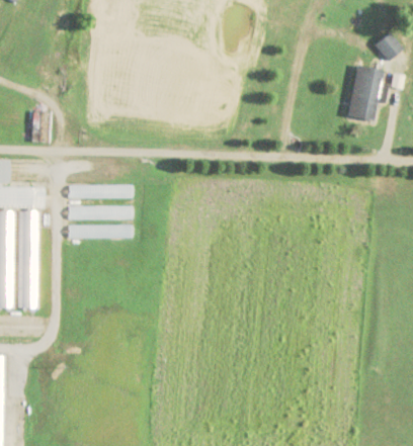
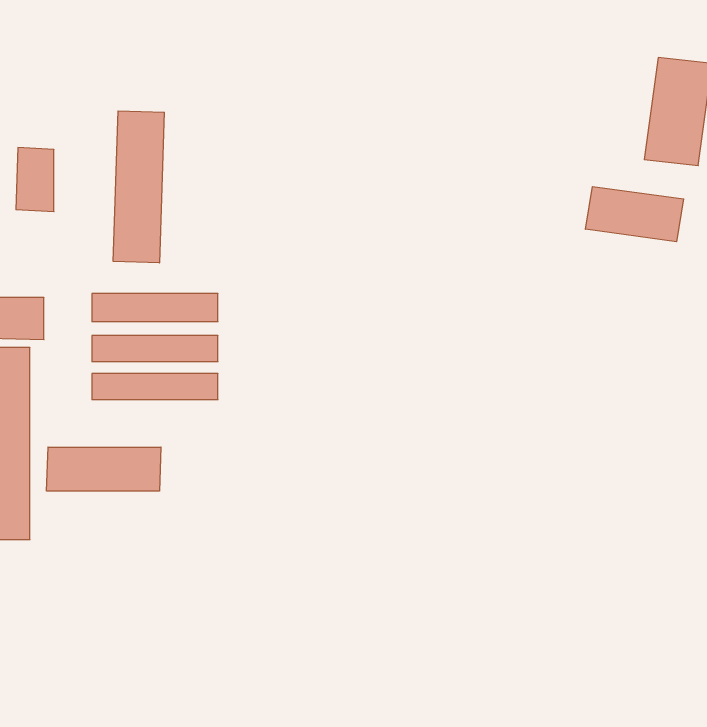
building: none -> [113,111,164,263]
building: none -> [585,187,684,242]
building: none -> [47,447,161,491]

